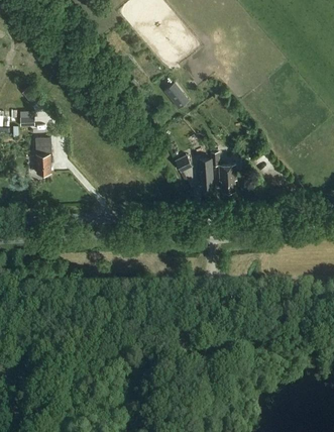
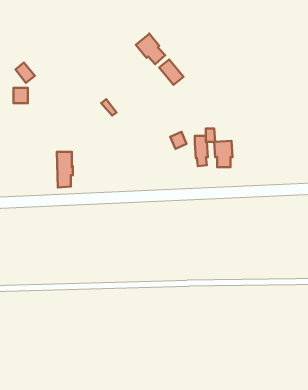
building: none -> [136,34,165,64]
building: [34,138,50,174] -> [57,152,73,187]

